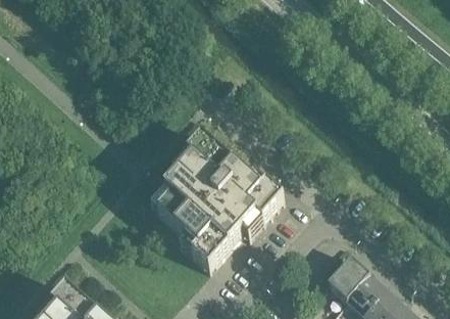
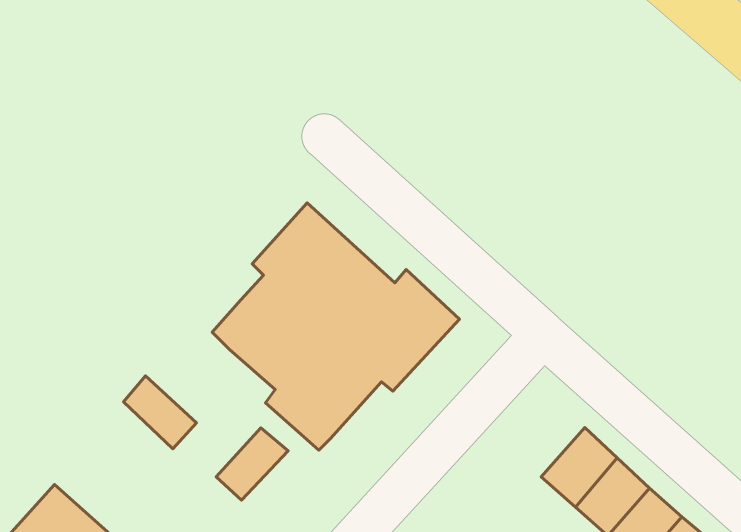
building: none -> [123,376,196,449]
building: none -> [216,428,288,500]

